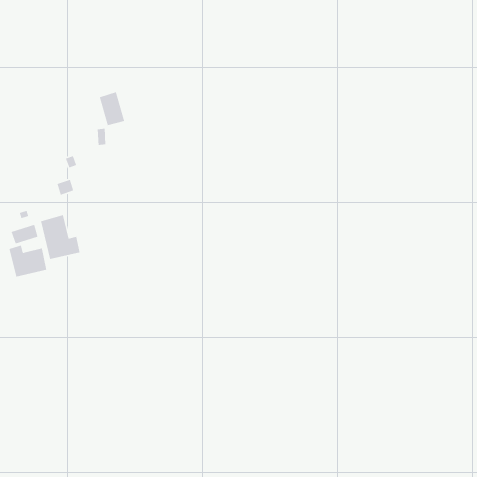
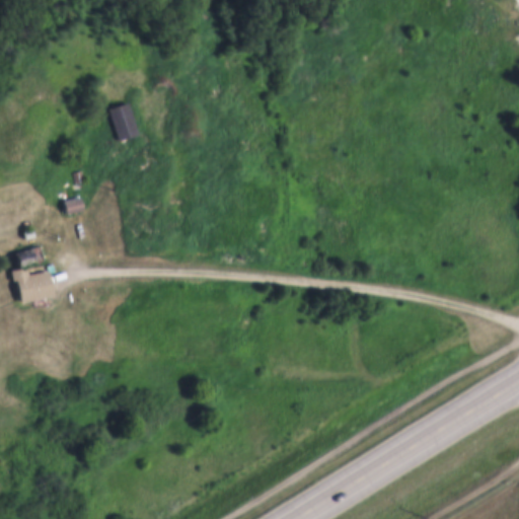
building: [40,214,80,260] -> none

